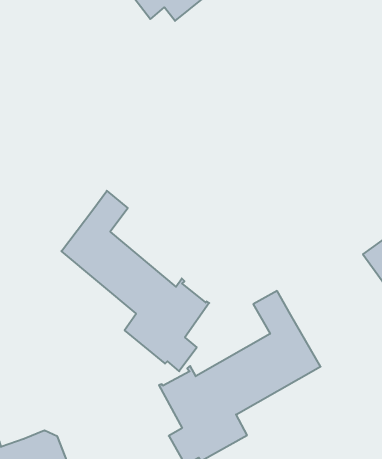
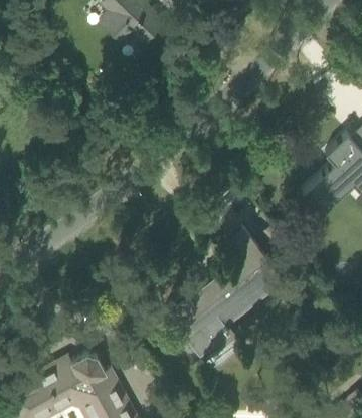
building: [61,191,209,371] -> none

